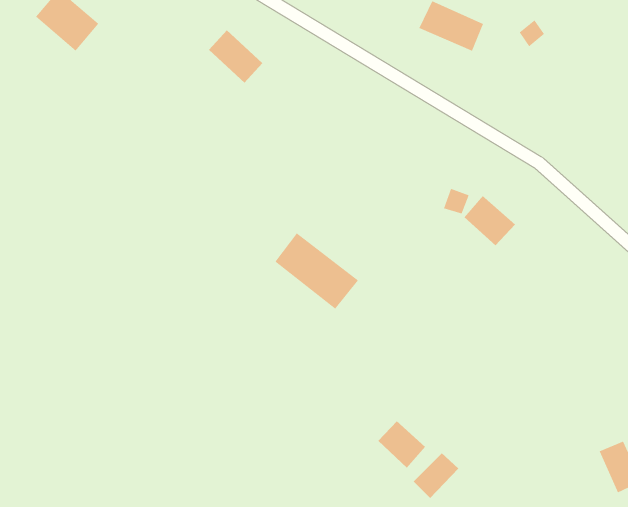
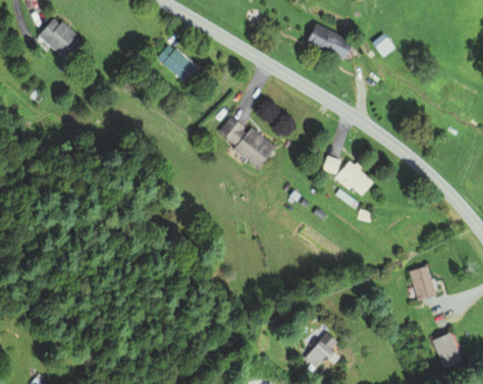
building: [275,232,359,310] -> [217,113,276,167]
building: none -> [409,265,436,299]
building: [378,421,426,469] -> none

